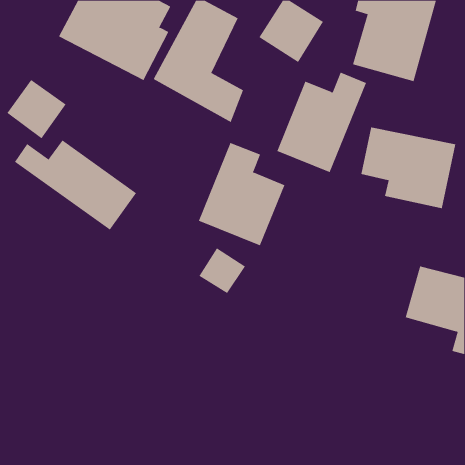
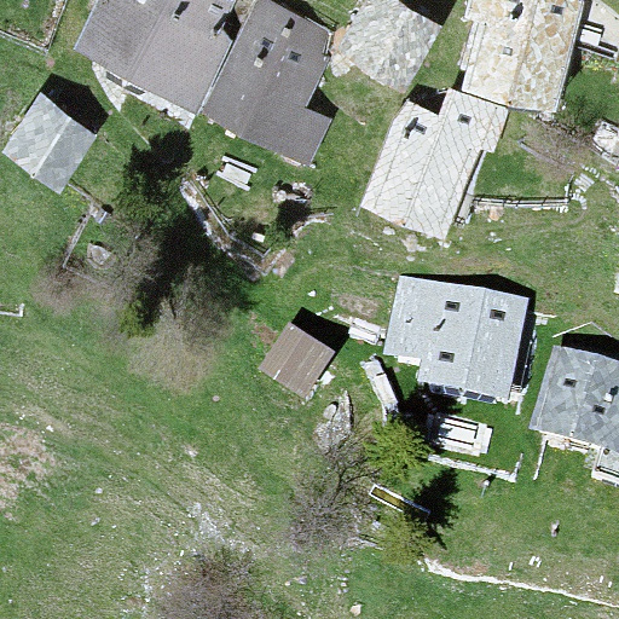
building: [361,127,456,209] -> [391,283,517,392]
building: [14,139,137,231] -> none
building: [198,142,285,246] -> none

